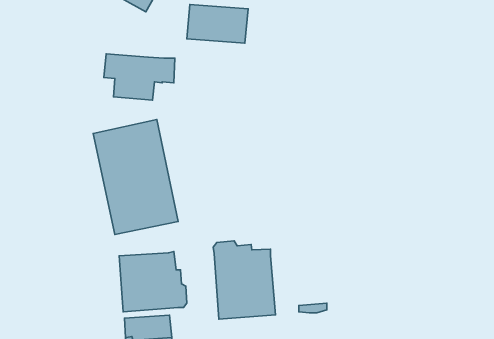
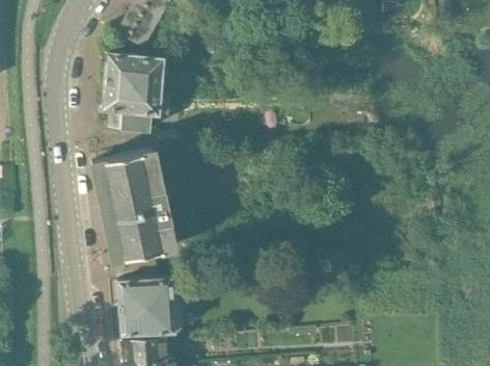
building: [187,4,248,43] -> [105,52,164,89]
building: [213,241,276,319] -> none

